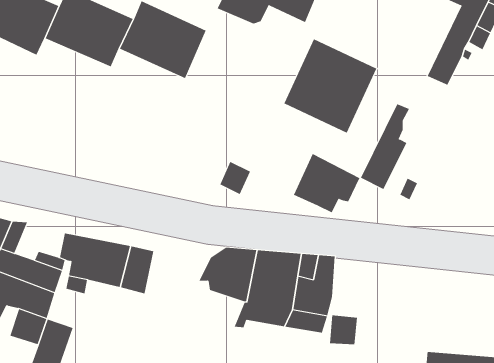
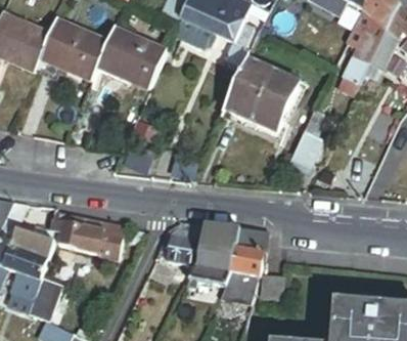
building: [293,153,360,213] -> none

